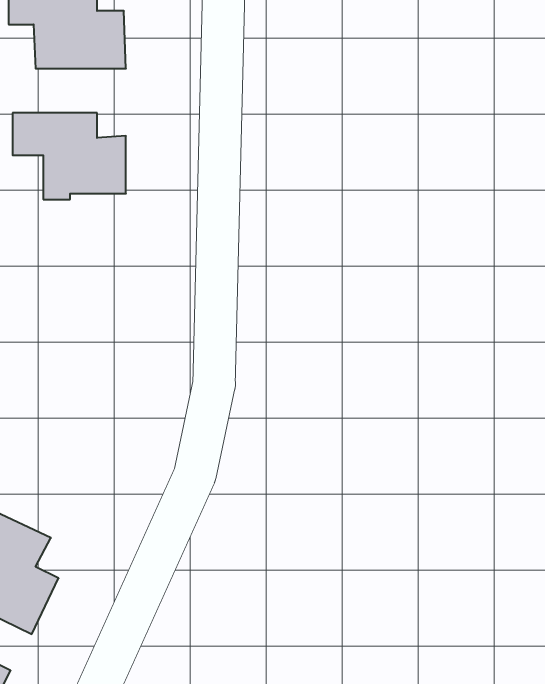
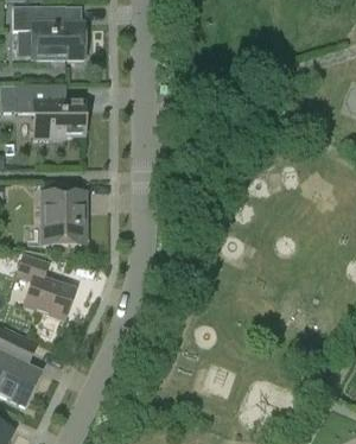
building: none -> [43,190,85,242]
building: none -> [17,253,75,319]

